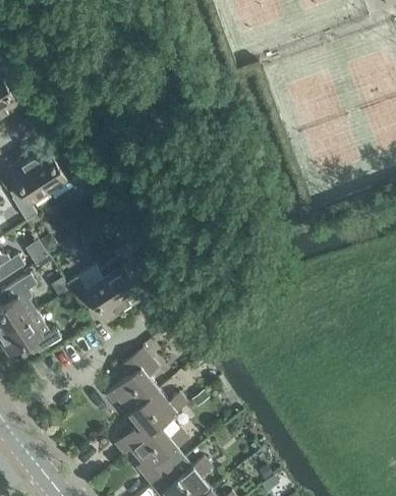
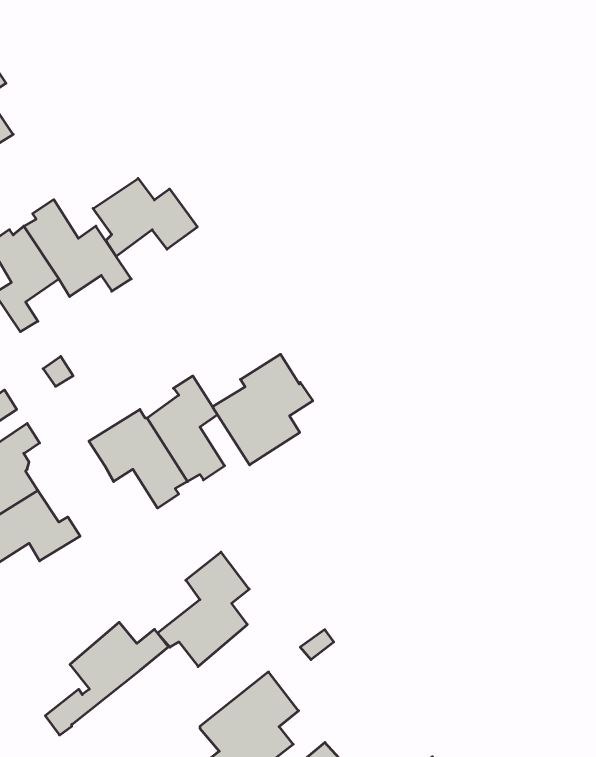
building: none -> [93,178,197,256]
building: none -> [213,354,313,465]
building: [115,389,186,454] -> [45,622,169,735]

